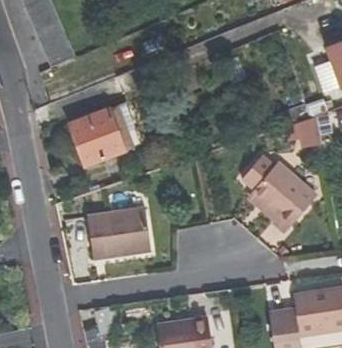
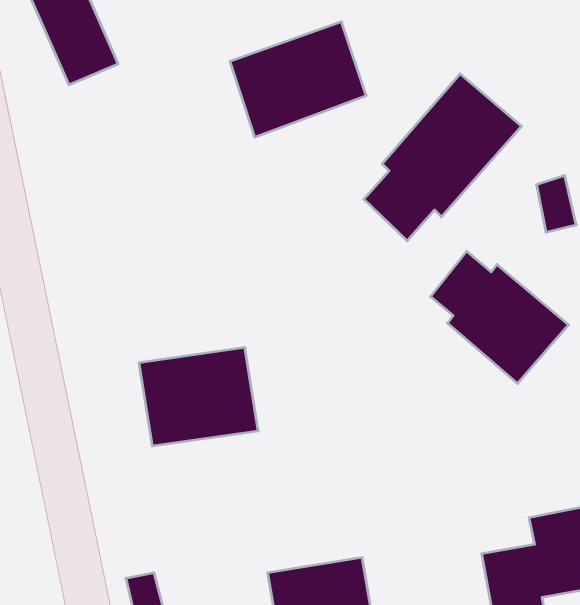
building: none -> [364,74,522,241]
building: [69,103,141,164] -> [230,22,366,137]

